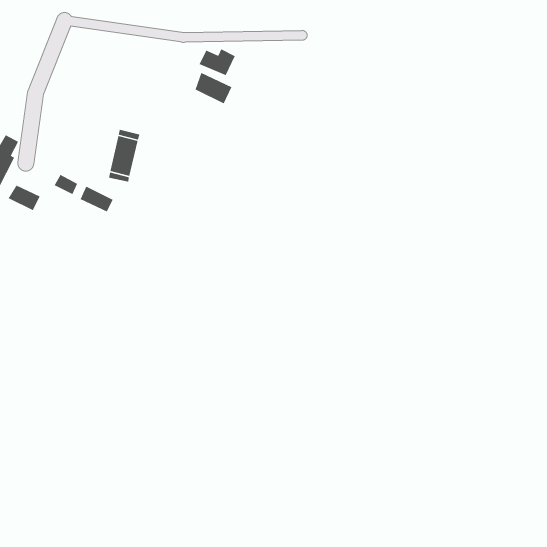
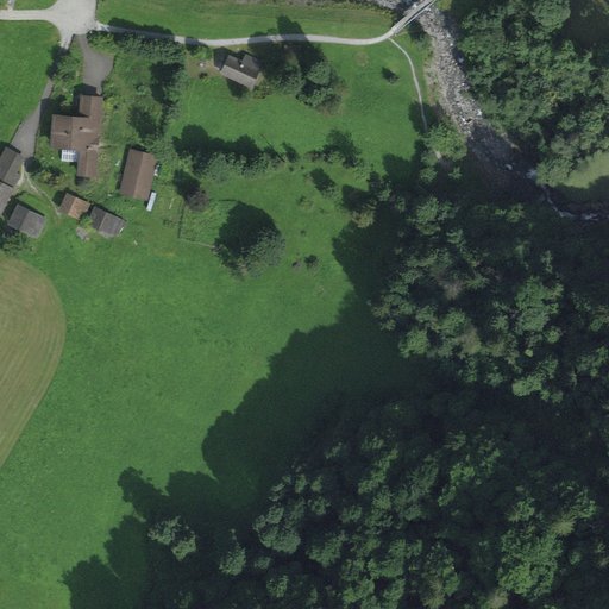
building: [194,72,232,104] -> none
building: none -> [50,96,100,172]

